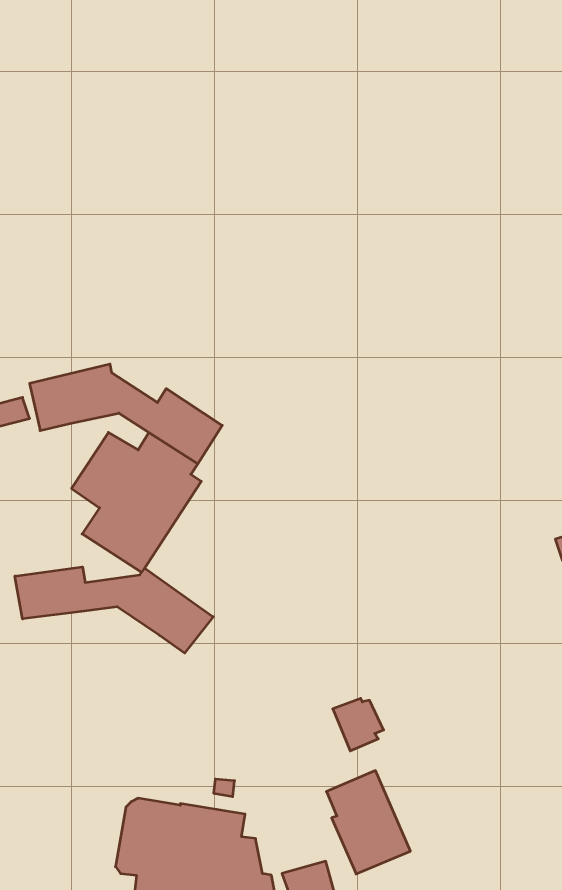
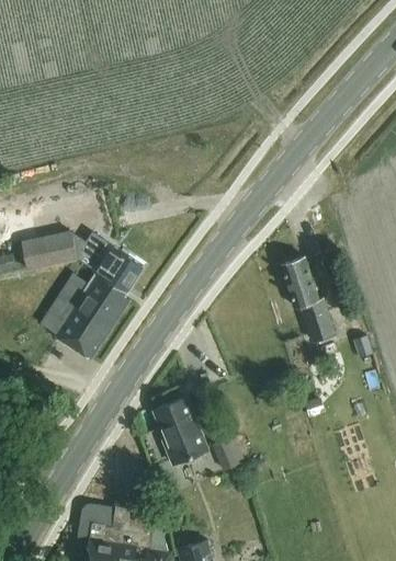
building: none -> [282,259,335,343]
building: [15,567,213,653] -> none
building: [326,771,410,874] -> [156,399,208,463]

